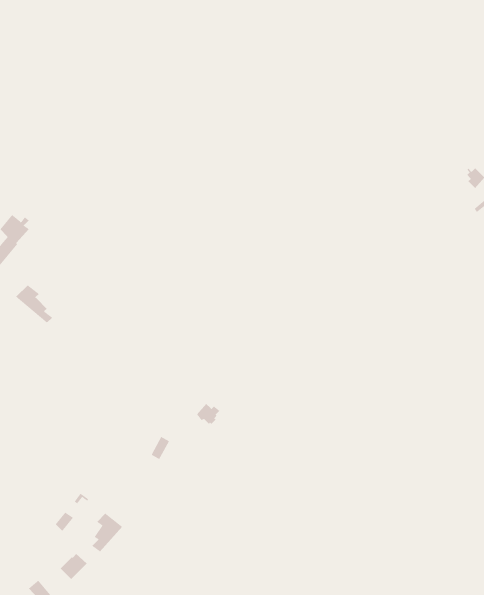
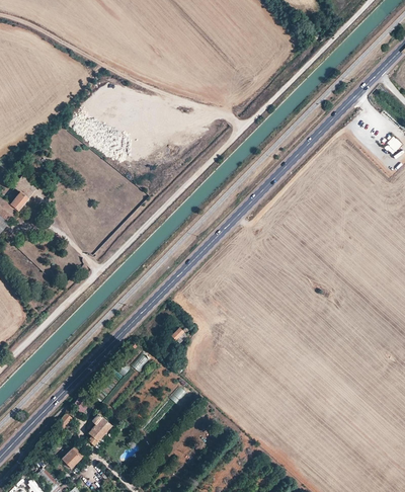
building: [15,285,53,324] -> none

